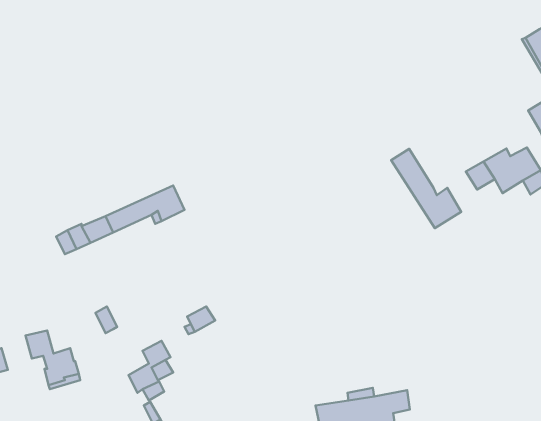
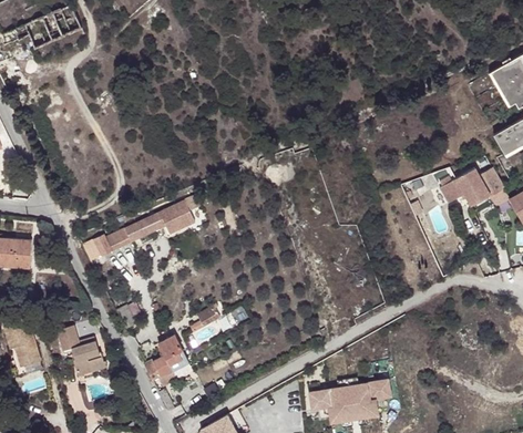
building: [391,149,461,228] -> none

